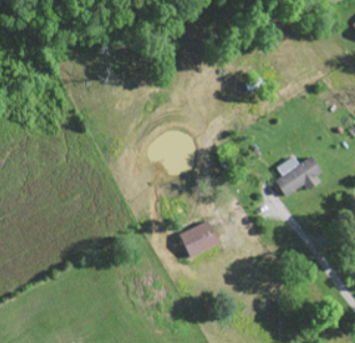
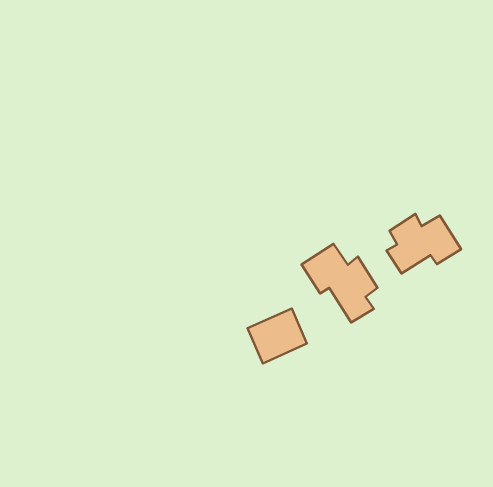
building: none -> [301,244,378,323]

